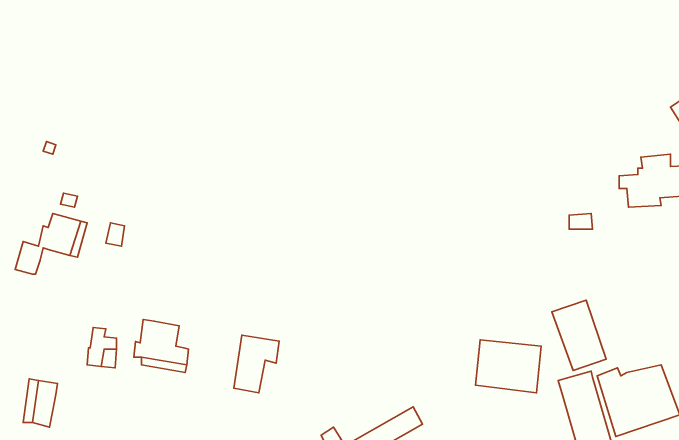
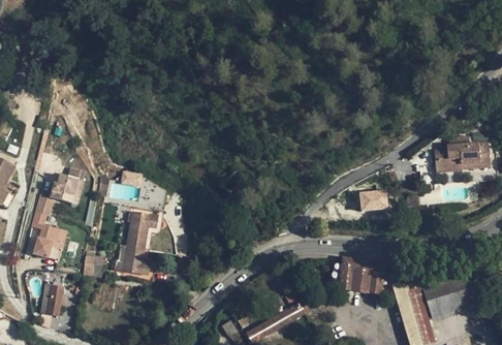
building: none -> [359,189,388,210]
building: none -> [31,212,60,259]
building: [552,300,606,370] -> none
building: [234,335,279,393] -> [127,211,157,249]

